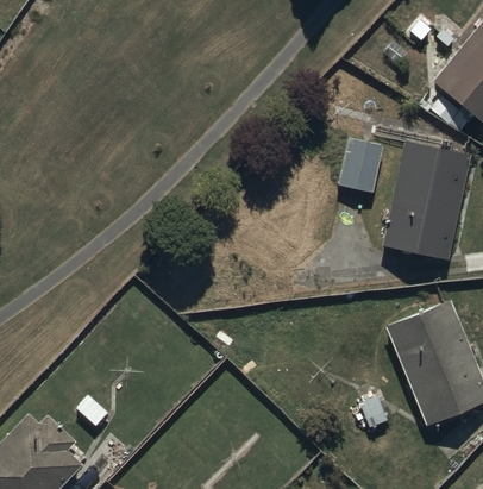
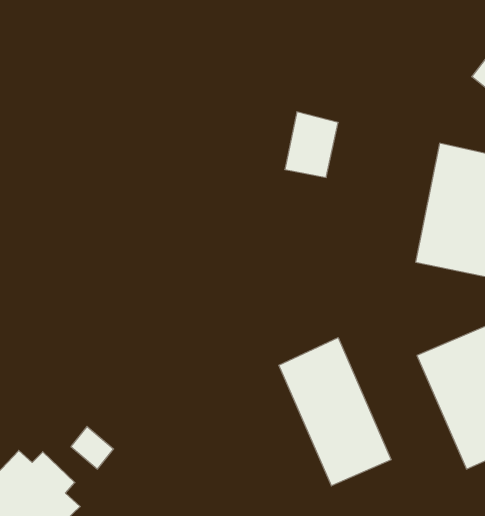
building: [337,136,384,194] -> [285,112,338,177]
building: none -> [279,338,391,486]

